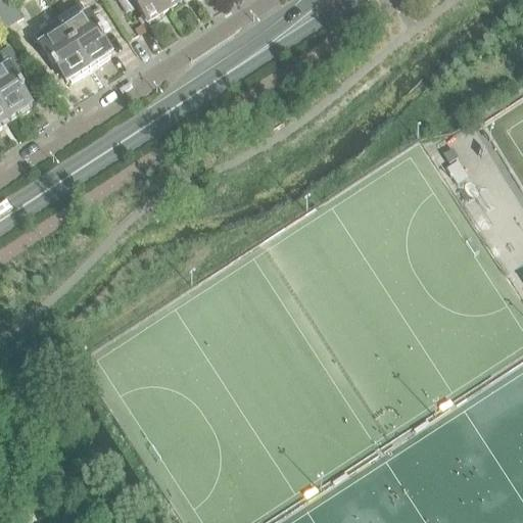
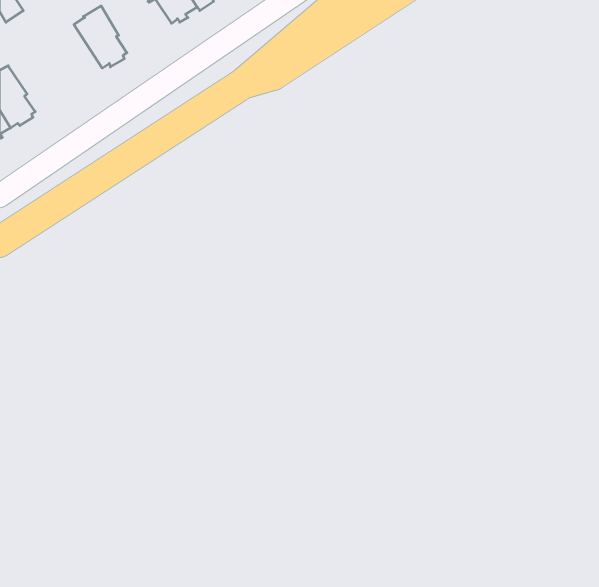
building: [33,12,89,76] -> none

